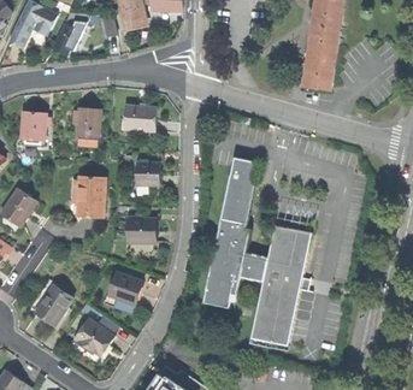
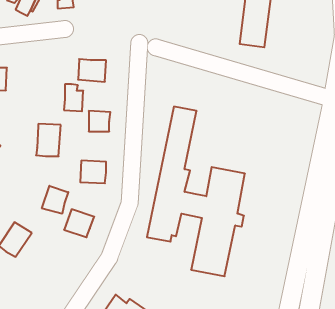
building: [76,107,98,137] -> [64,84,83,111]
building: none -> [42,186,68,214]
building: [73,318,113,355] -> none

